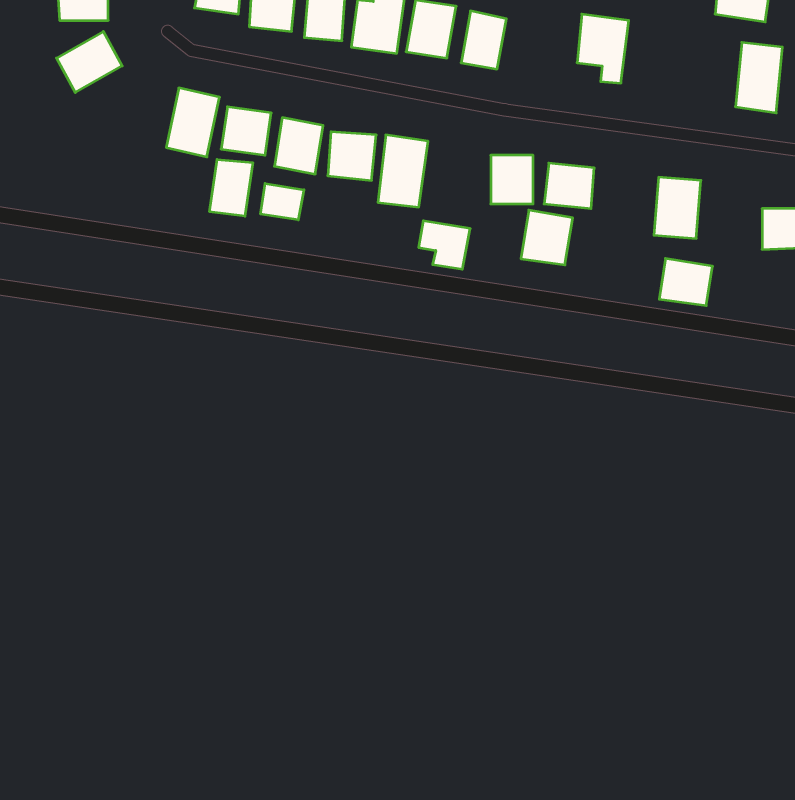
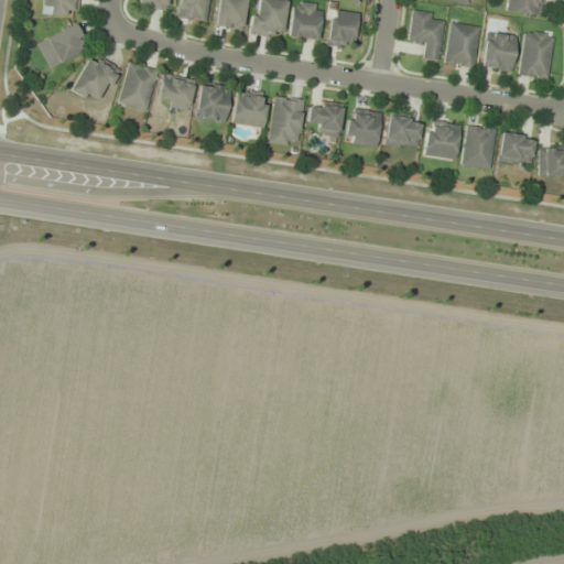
building: none -> [446,21,481,67]
building: none -> [484,31,517,69]
building: none -> [72,52,121,99]
building: [210,159,253,216] -> none
building: [261,183,304,220] -> none
building: [521,210,573,265] -> [425,119,462,158]
building: [419,221,470,269] -> [308,101,345,135]
building: [659,258,713,306] -> [499,131,536,164]

